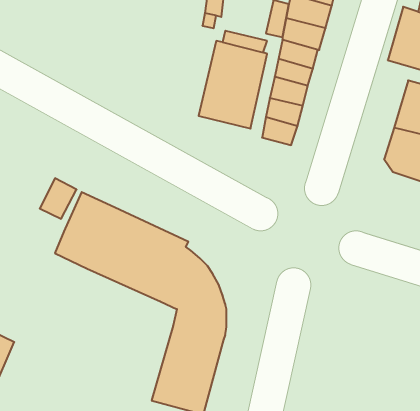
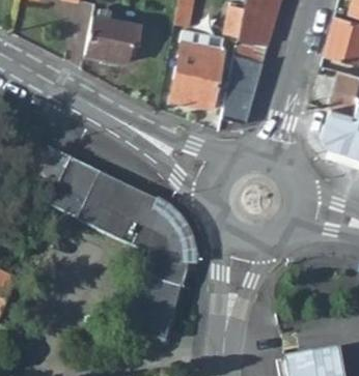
building: none -> [83,13,140,62]

